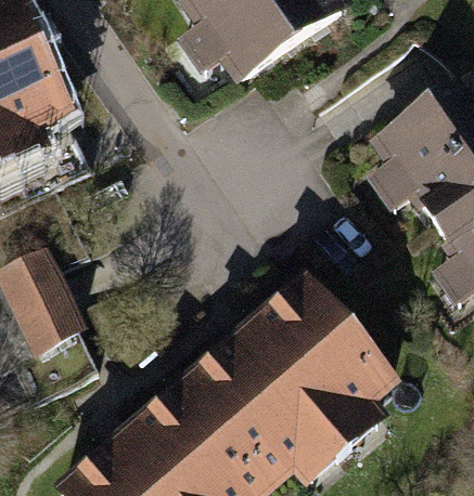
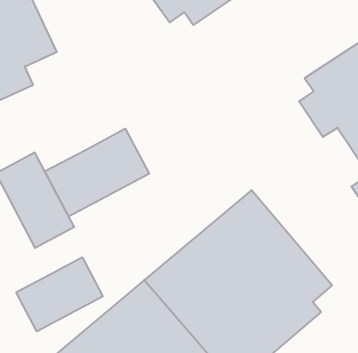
building: none -> [45,129,149,216]
building: none -> [16,257,103,331]

